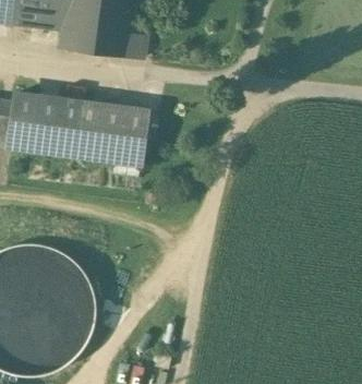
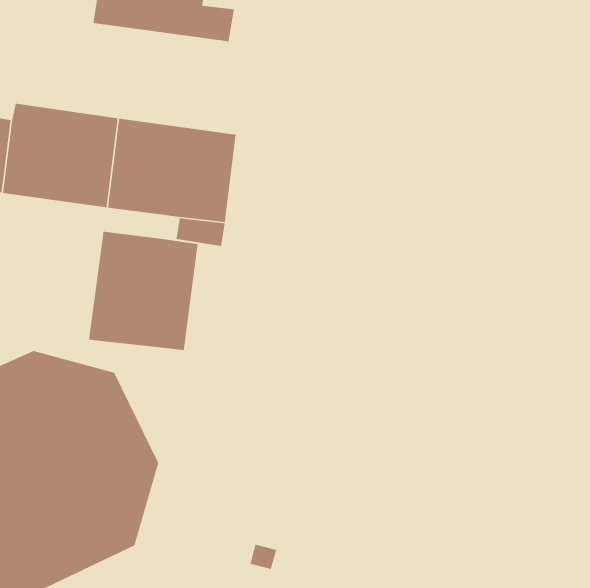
building: none -> [88,231,199,351]

